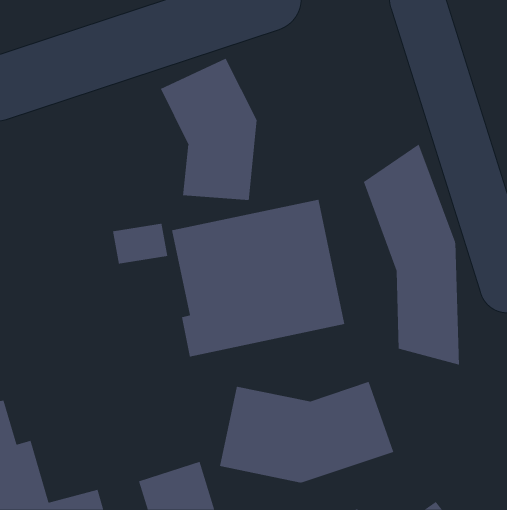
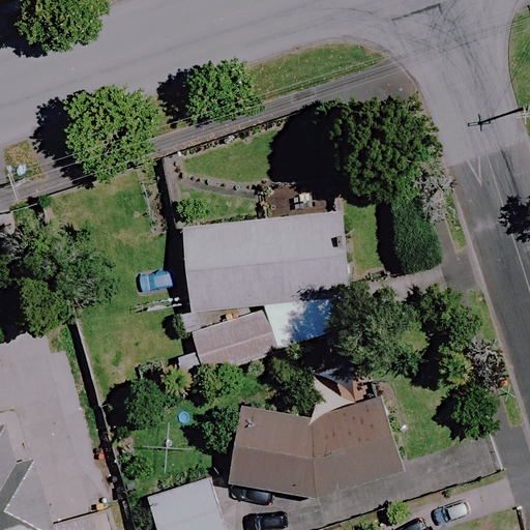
building: [160,58,257,201] -> none
building: [363,143,459,366] -> none

